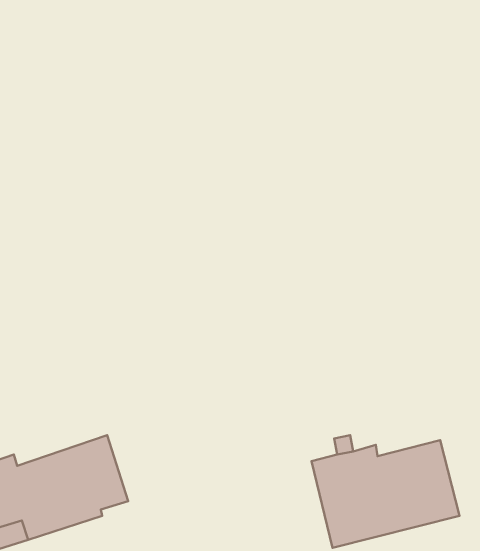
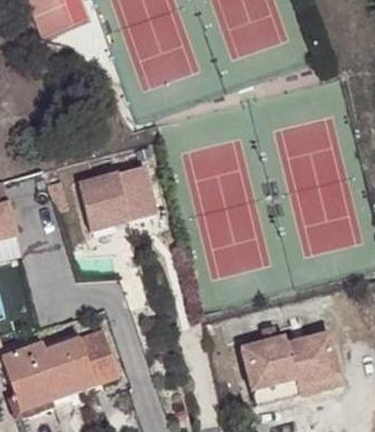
building: none -> [75,169,153,233]

